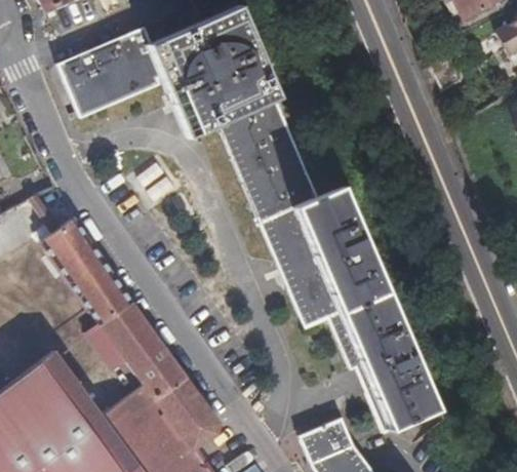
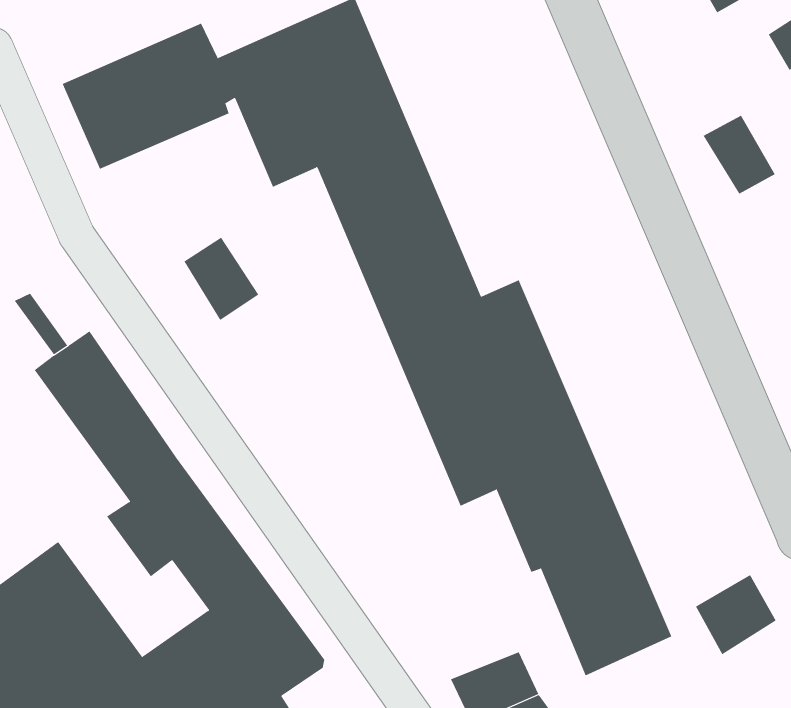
building: none -> [703,115,776,195]
building: none -> [695,574,776,655]

